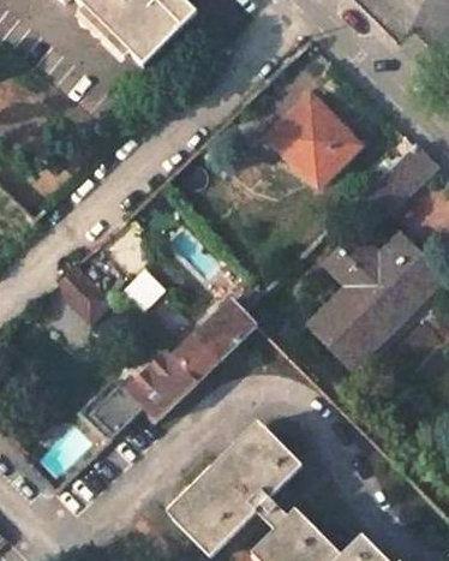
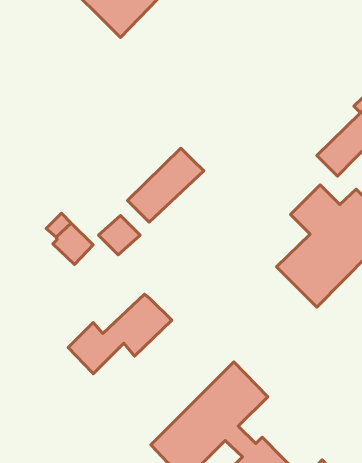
building: [273,95,359,187] -> none
building: [170,299,255,381] -> [127,148,204,222]

